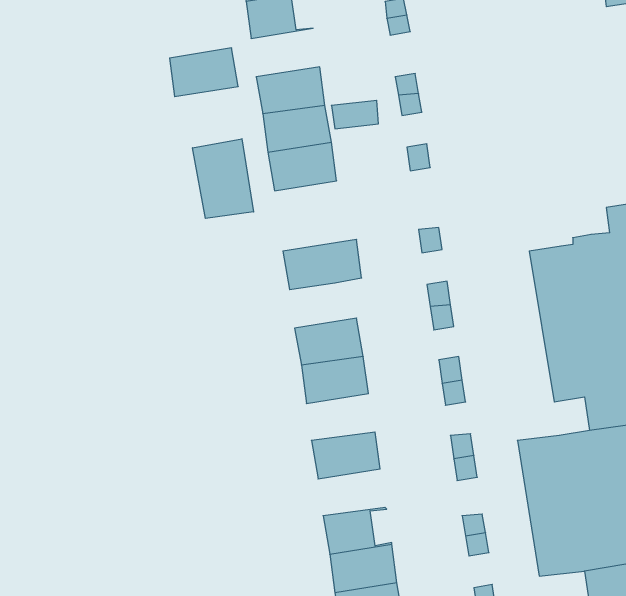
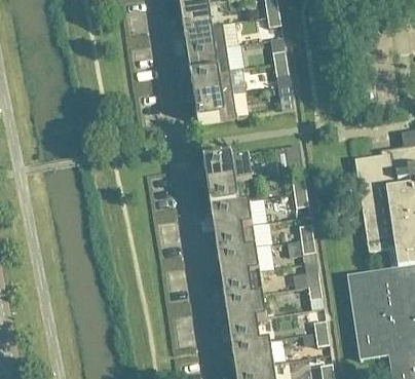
building: [170,48,238,97] -> [184,23,226,52]
building: [193,139,254,218] -> none
building: none -> [208,179,249,206]
building: none -> [218,247,260,275]
building: none -> [225,293,266,321]

